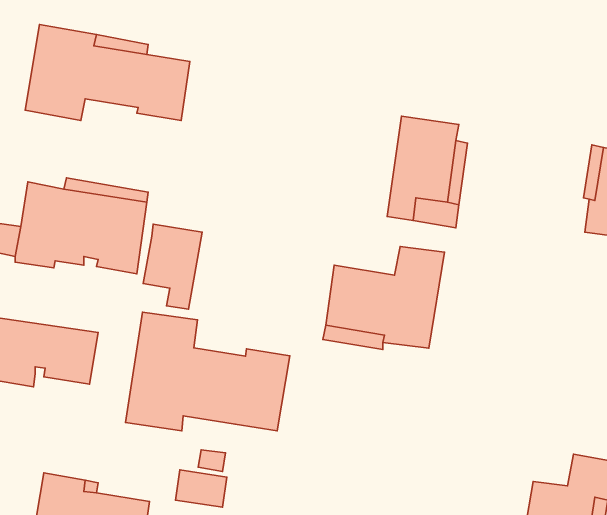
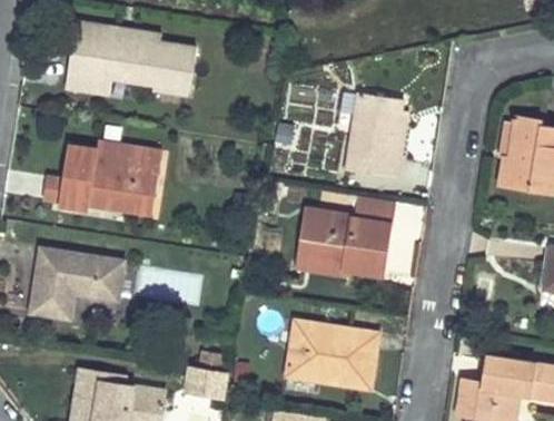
building: [143,224,202,309] -> none
building: [125,312,290,431] -> none
building: none -> [288,320,377,385]

